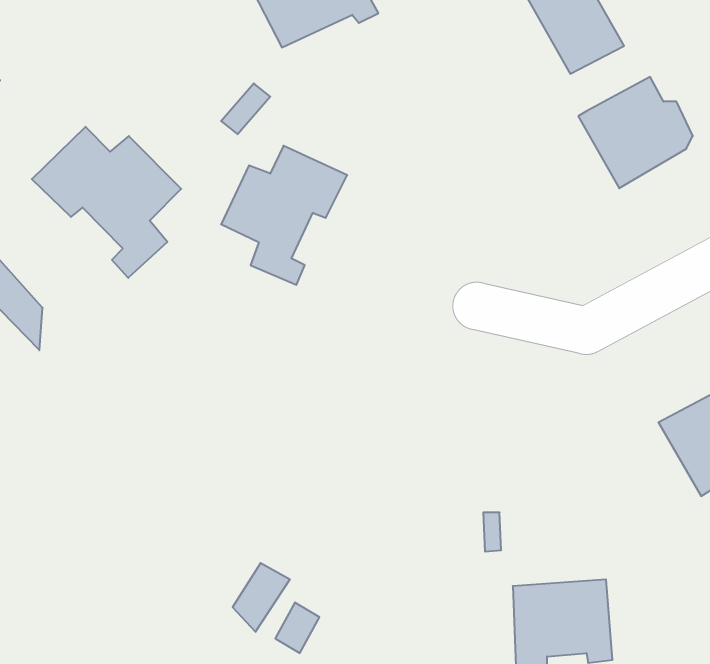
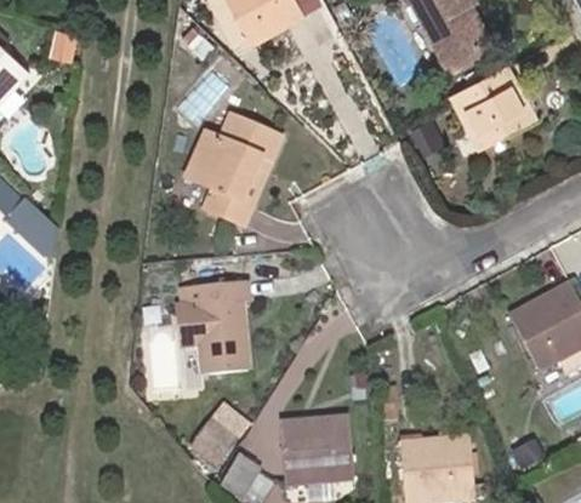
building: [32,127,181,278] -> none
building: none -> [190,278,244,364]
building: none -> [280,415,353,476]

